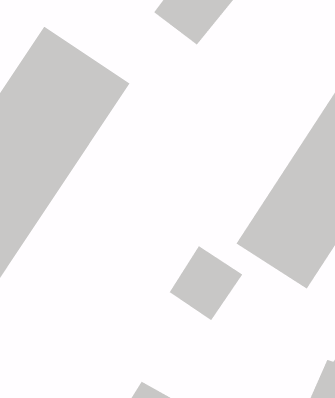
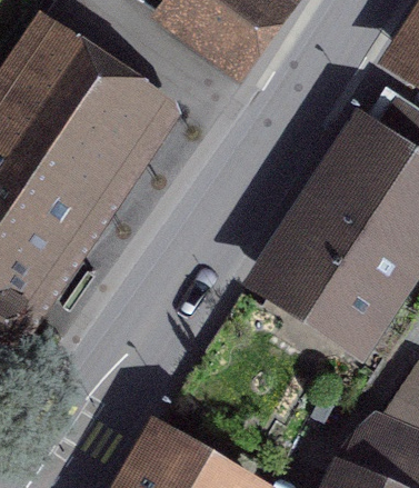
building: [169,245,243,321] -> none

